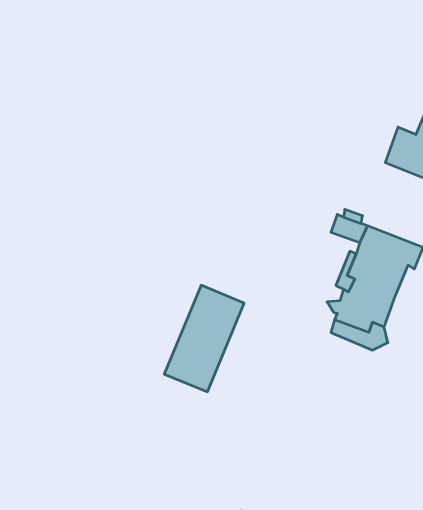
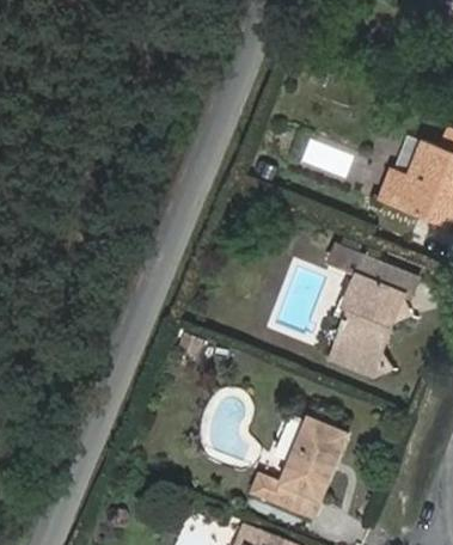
building: [164,285,244,392] -> [273,415,348,515]

